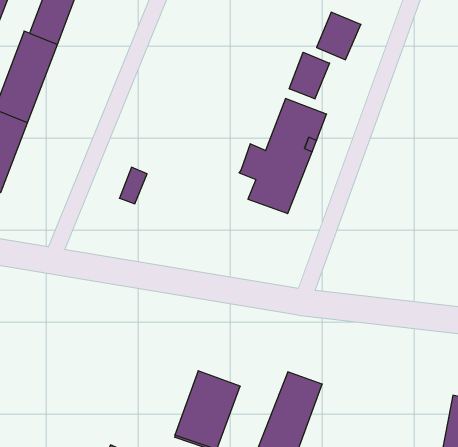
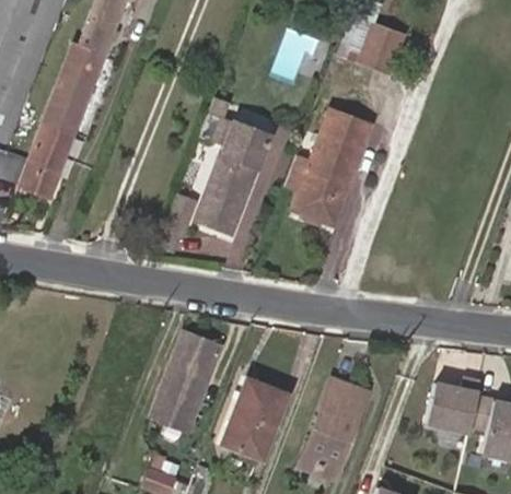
building: [289,52,330,99] -> none
building: none -> [193,116,266,232]
building: none -> [152,331,219,427]
building: none -> [430,383,481,436]

